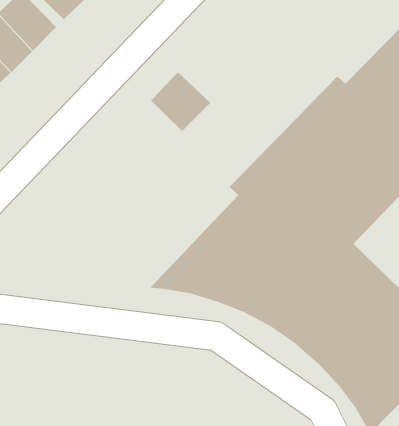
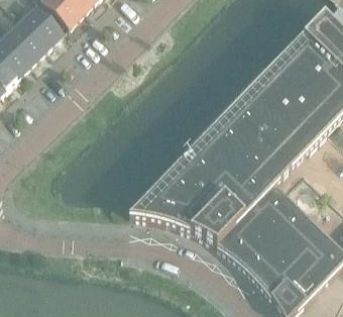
building: [150,72,211,132] -> none

